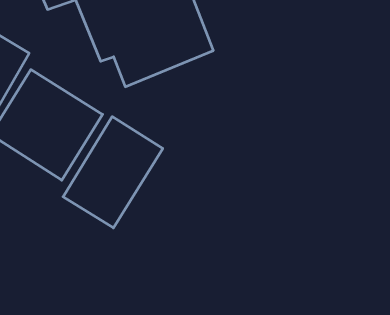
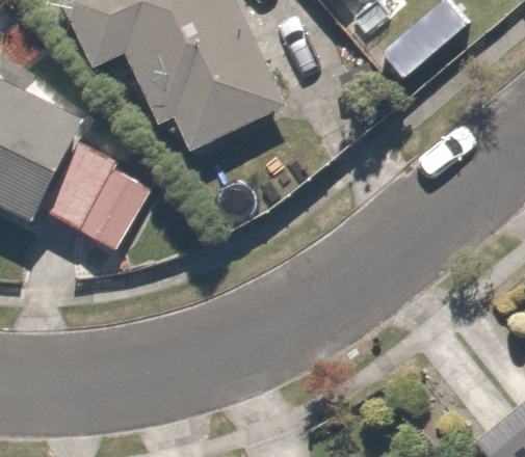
building: [63,117,163,228] -> none

